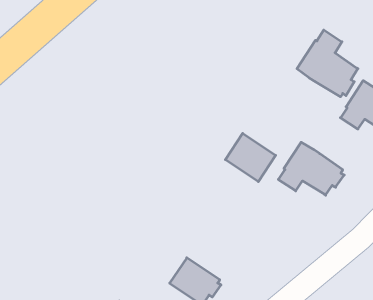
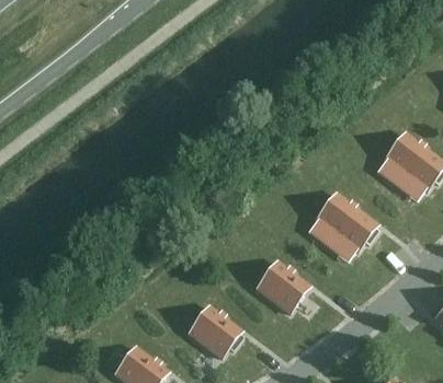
building: [297,30,358,97] -> none
building: [225,133,276,182] -> [257,262,309,313]

